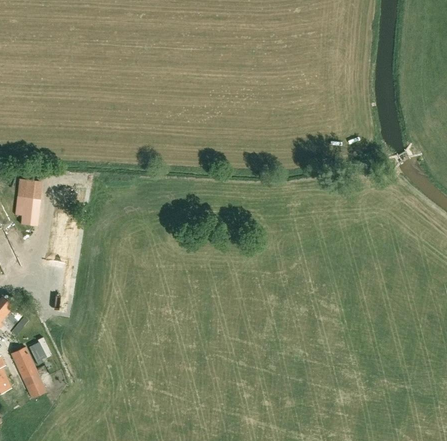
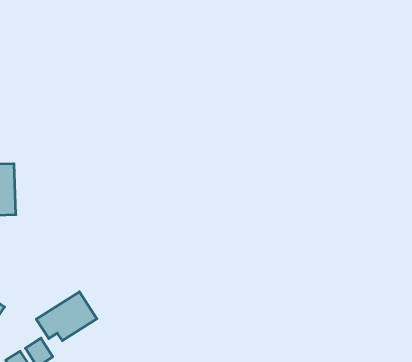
building: none -> [36,292,97,341]

